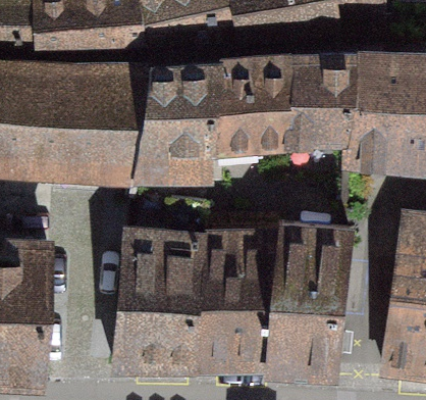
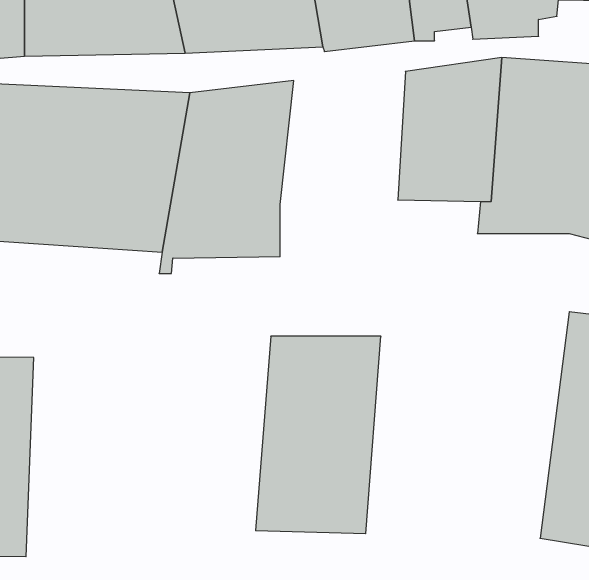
building: [213,54,297,143] -> none
building: [114,199,208,362] -> none
building: [270,223,353,365] -> none

